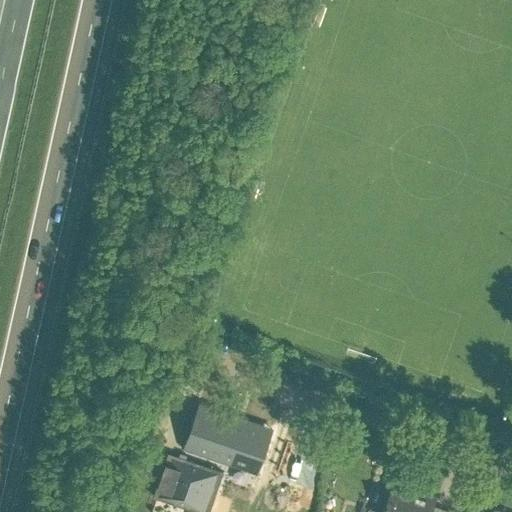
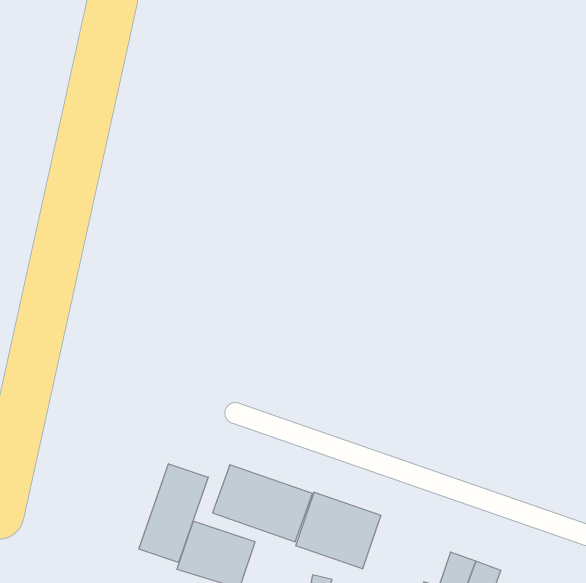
building: none -> [139,464,208,562]
building: none -> [296,492,381,569]

